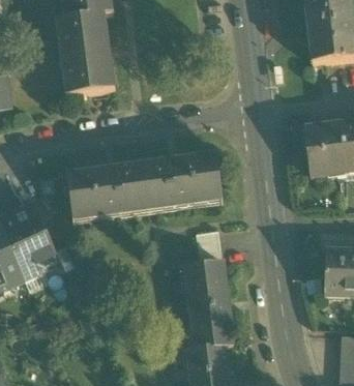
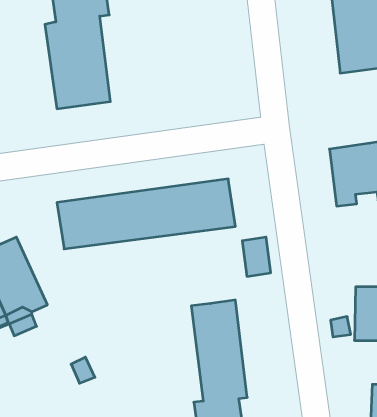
building: [197,231,222,265] -> [242,237,271,276]

